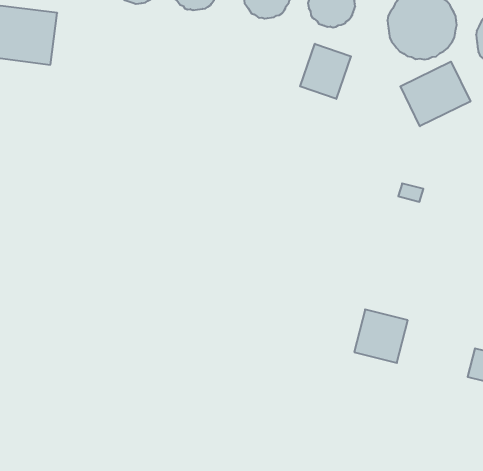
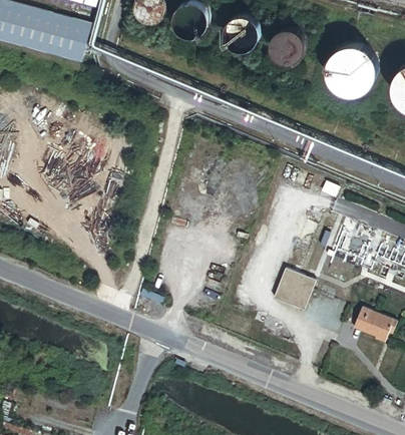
building: [300,44,351,99] -> none
building: [400,62,470,126] -> none

